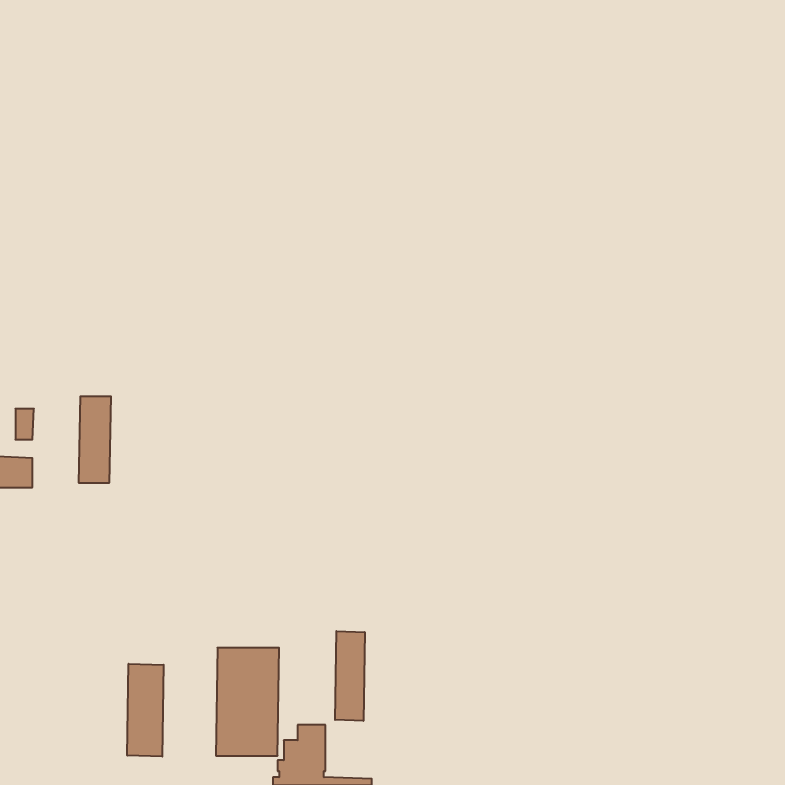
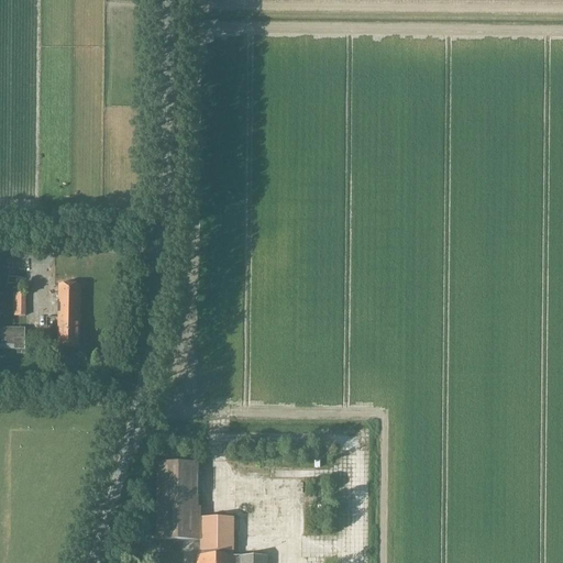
building: [335,631,365,721] -> none
building: [127,664,164,757] -> none

